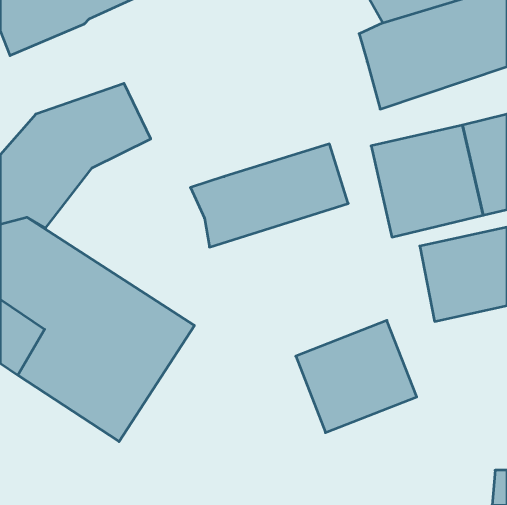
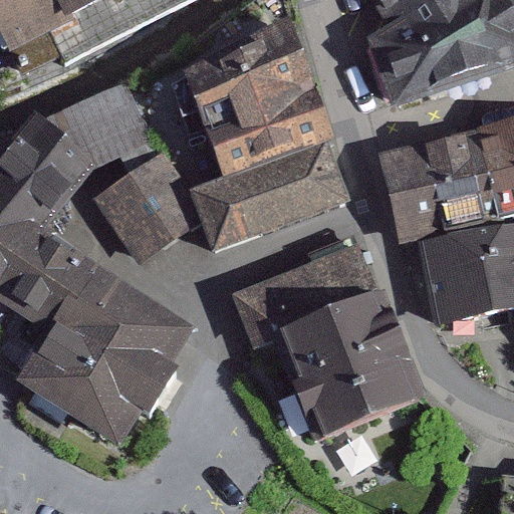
building: none -> [188,22,335,175]
building: none -> [97,154,207,263]
building: none -> [268,247,392,360]

